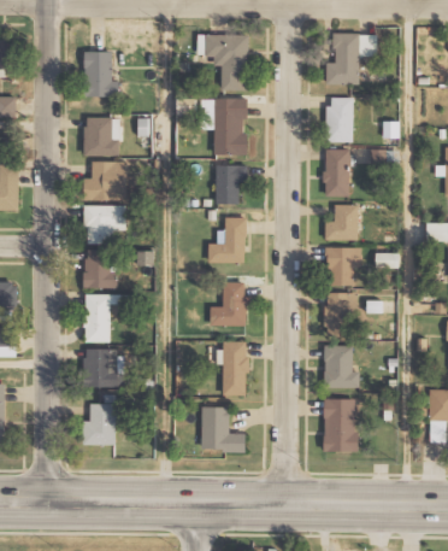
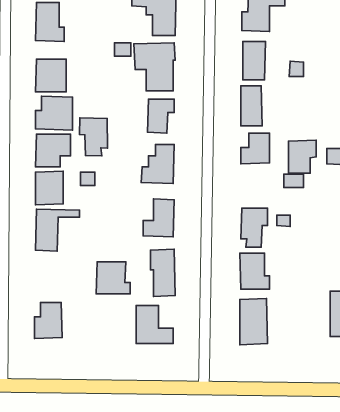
building: none -> [79,118,107,156]
building: [328,247,360,286] -> [288,140,316,173]
building: [82,350,122,387] -> [96,262,130,294]

